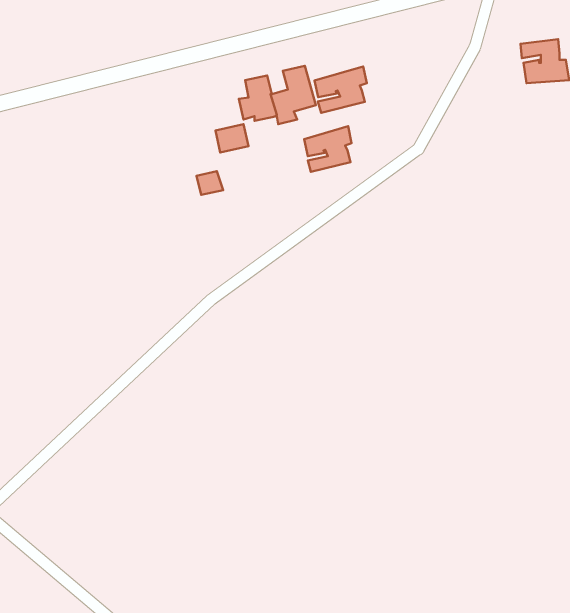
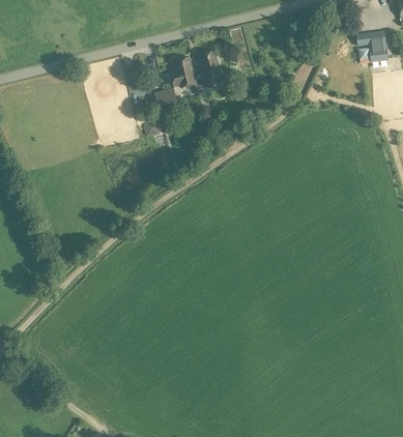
building: [315,66,367,113] -> none
building: [304,126,352,172] -> none

